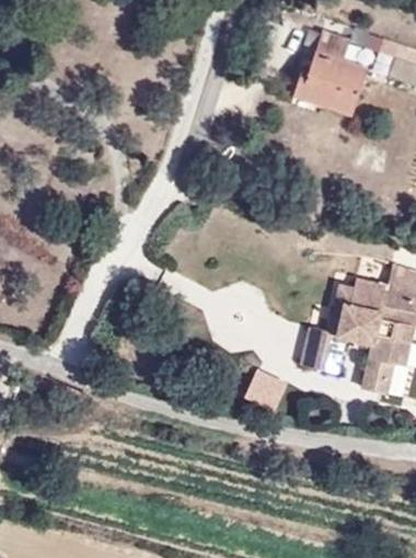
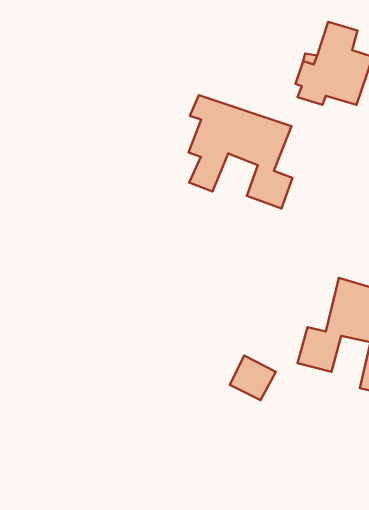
building: none -> [188,95,293,209]

